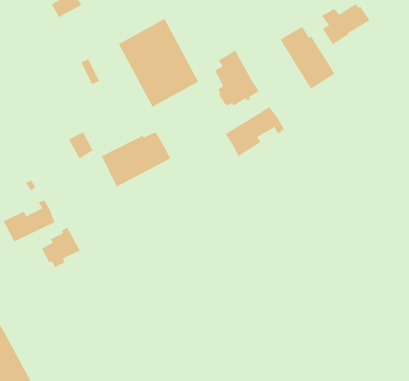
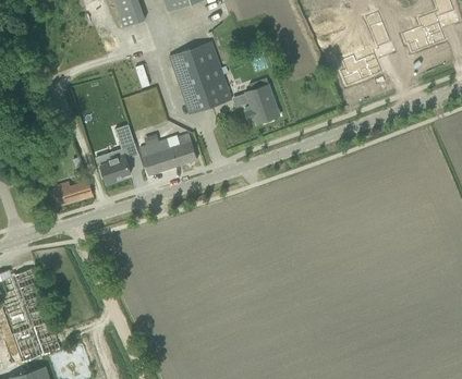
building: [280,26,336,90] -> none
building: [225,106,285,157] -> none
building: [41,227,81,268] -> [97,151,130,184]

